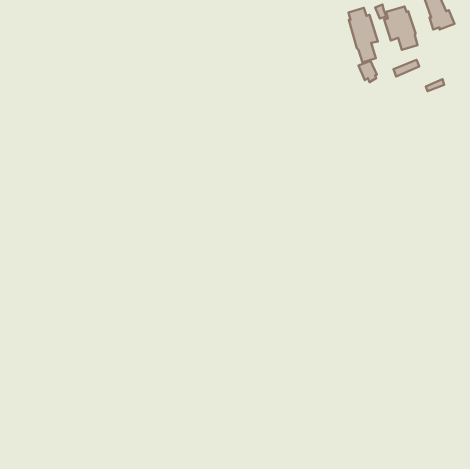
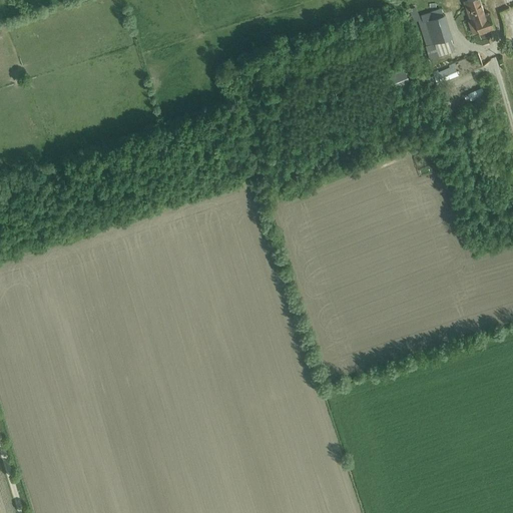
building: [348,8,378,62] -> none

